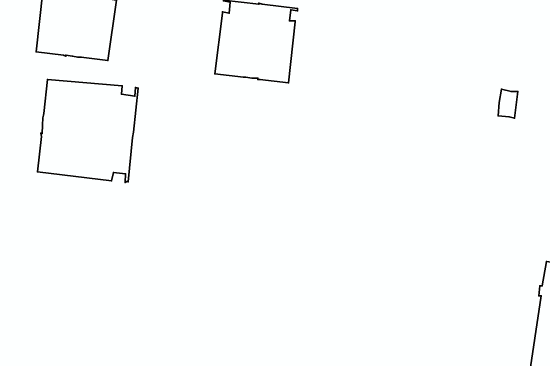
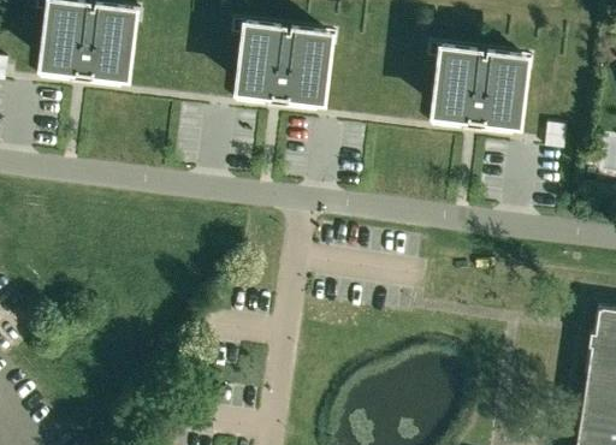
building: none -> [433,44,523,134]
building: [38,80,138,182] -> none

